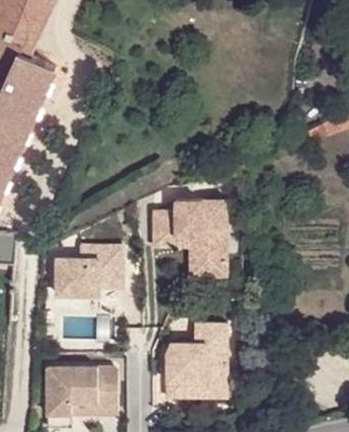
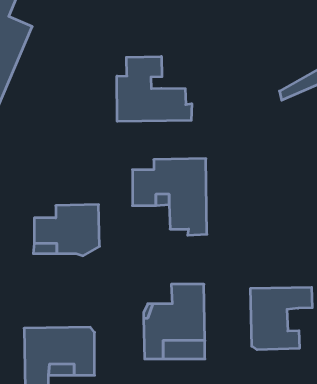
building: none -> [117,56,192,121]
building: none -> [251,287,312,350]

